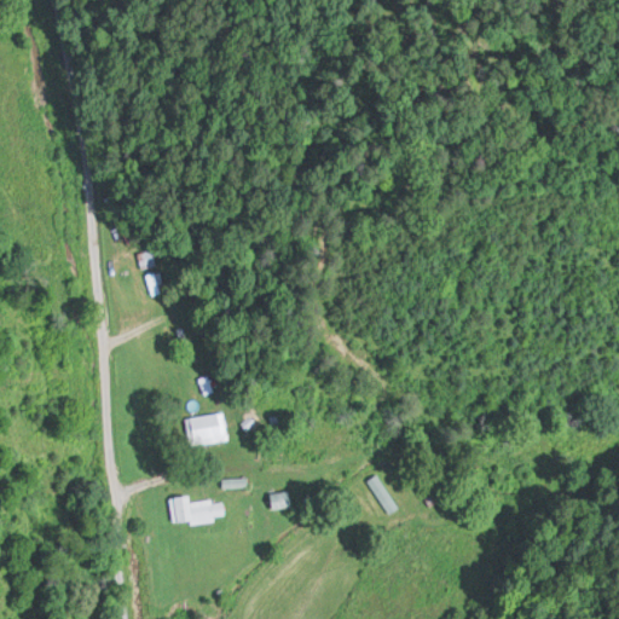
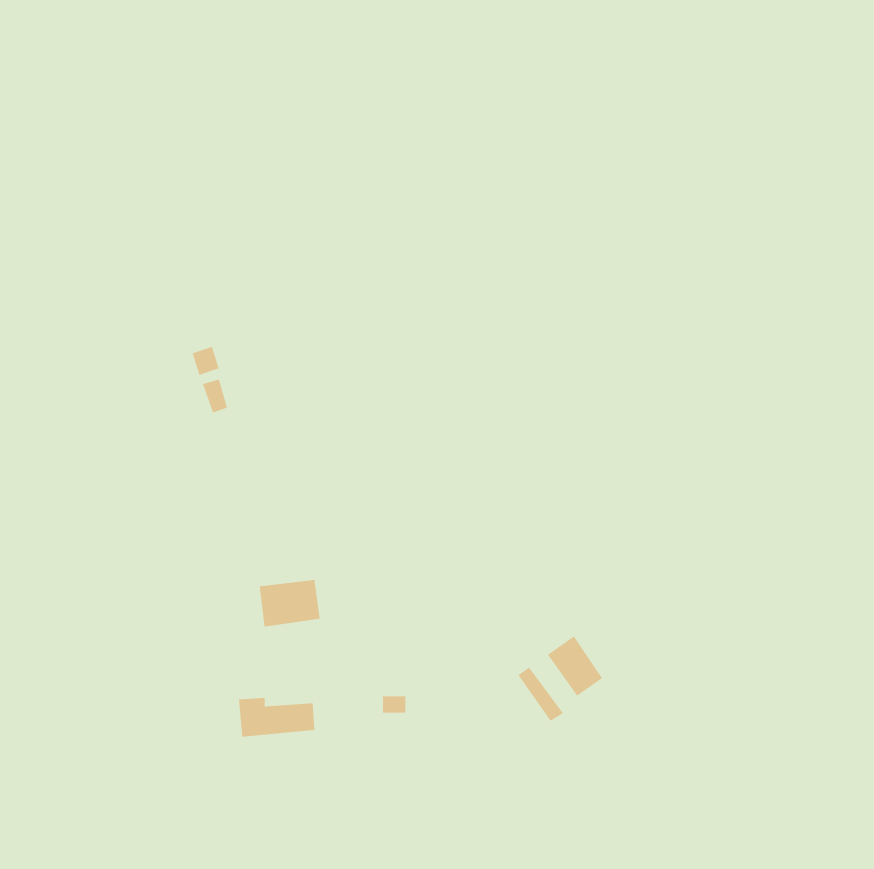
building: none -> [547,636,603,696]

